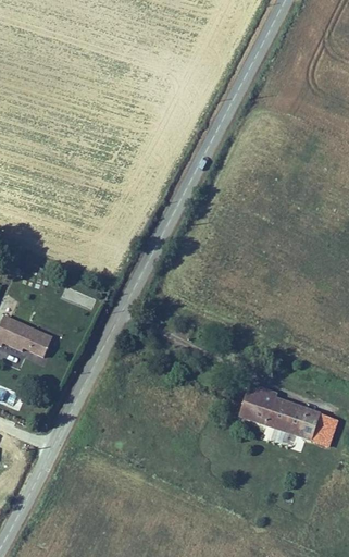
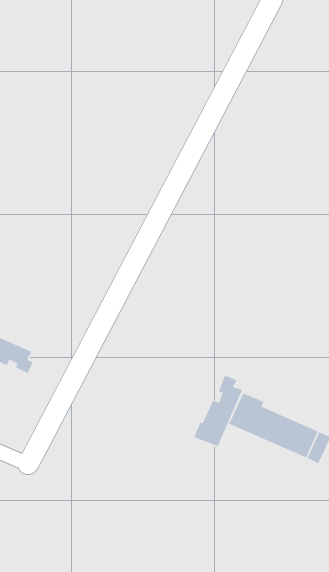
building: none -> [193,375,243,447]

